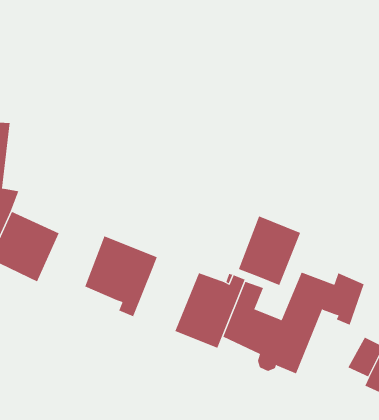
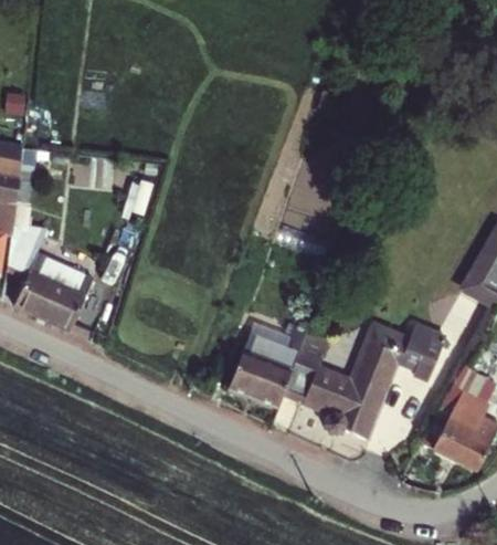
building: [238,215,301,286] -> none
building: [84,236,157,317] -> none

